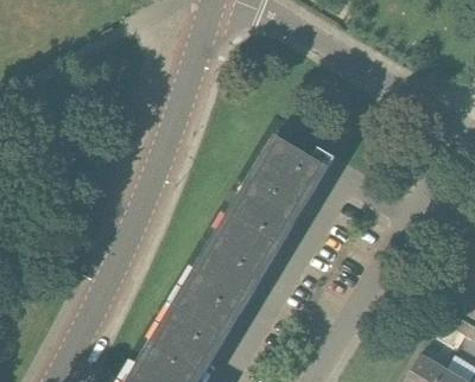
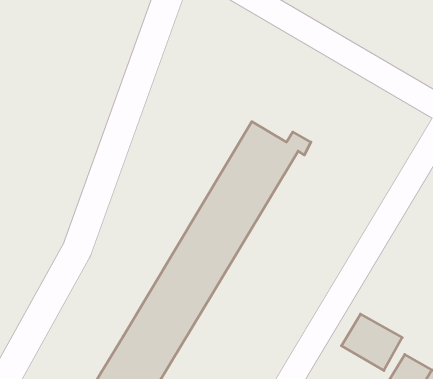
building: none -> [341,314,402,371]

